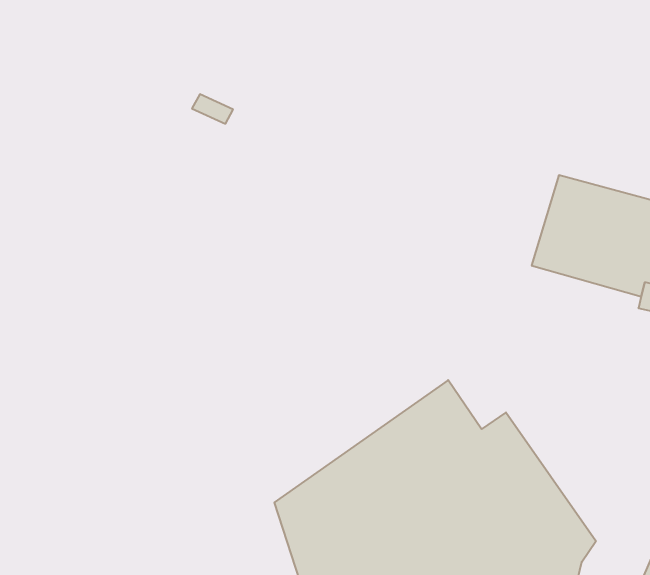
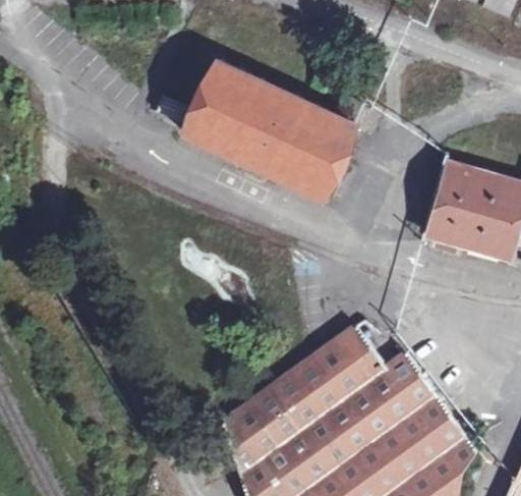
building: none -> [183,61,363,199]

